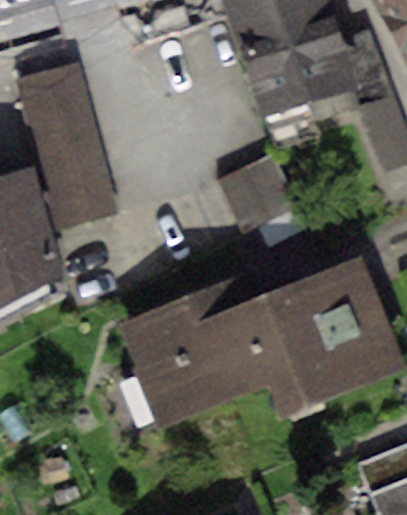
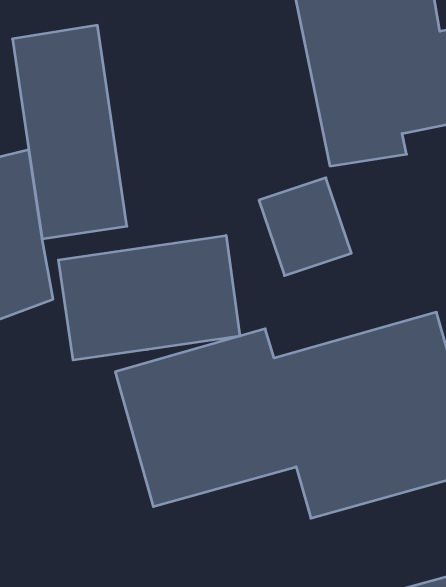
building: none -> [58,235,240,360]

